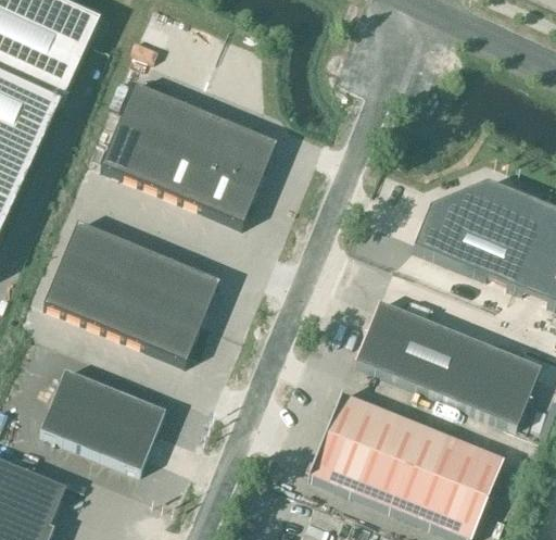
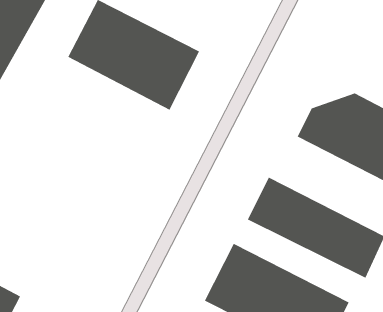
building: [41,219,218,361] -> none
building: [39,369,164,470] -> none

